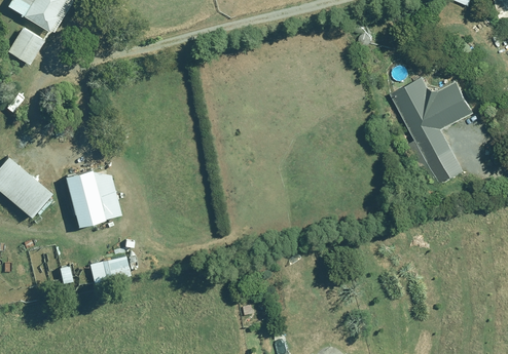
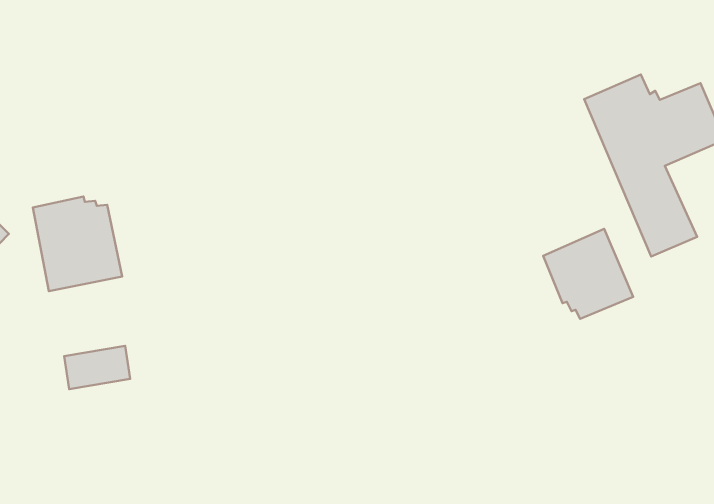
building: none -> [543,229,633,319]

